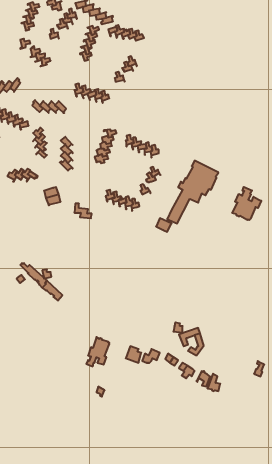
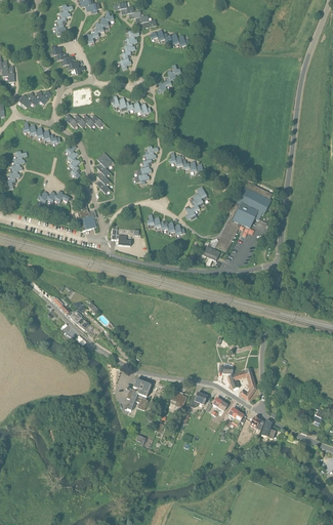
building: [232,187,261,220] -> none

